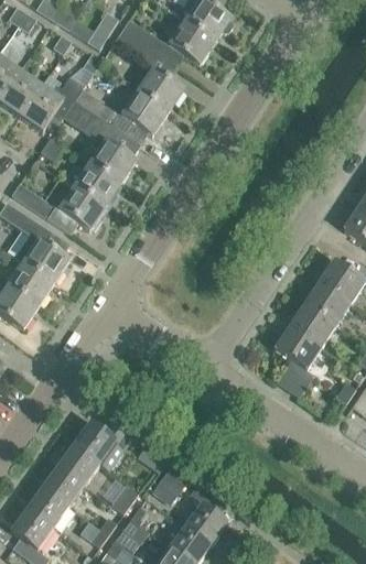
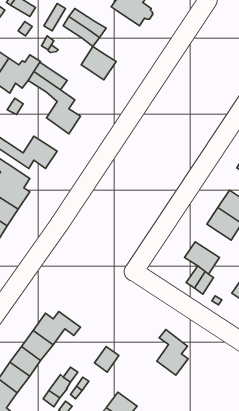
building: [170,22,214,65] -> none
building: [121,94,166,137] -> none
building: [65,164,120,208] -> none
building: [288,305,335,349] -> none
building: [185,486,227,546] -> [157,330,188,375]

